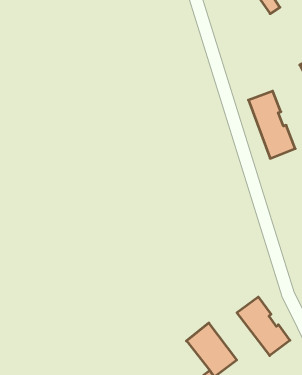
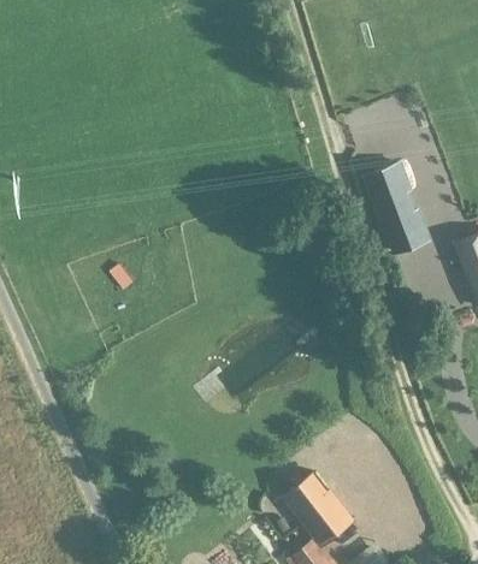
building: [237,297,290,356] -> none

